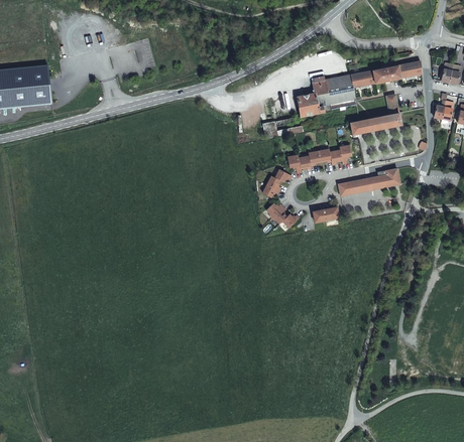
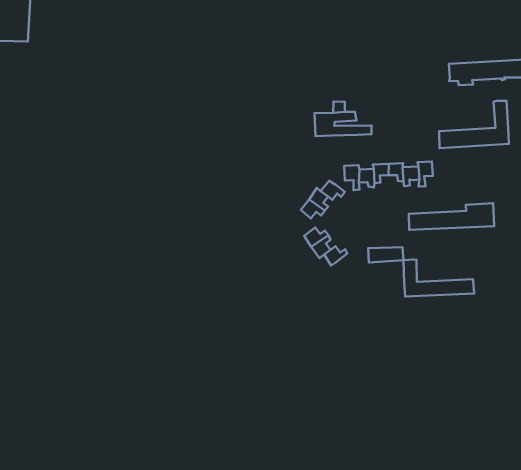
building: [297,75,357,116] -> none
building: none -> [403,259,474,296]

